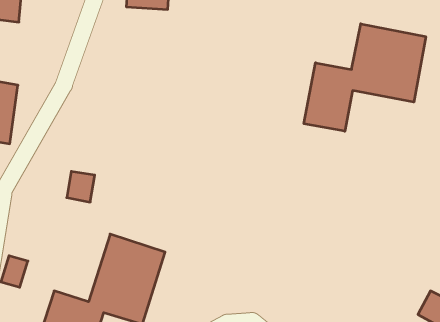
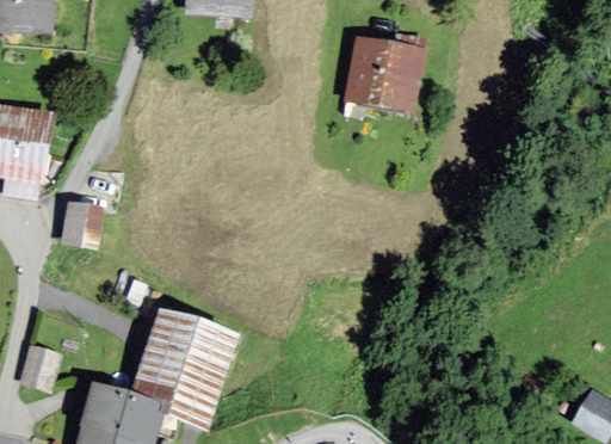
building: [304,24,426,131] -> none
building: none -> [345,39,416,107]
building: [67,171,95,202] -> [61,206,98,247]

